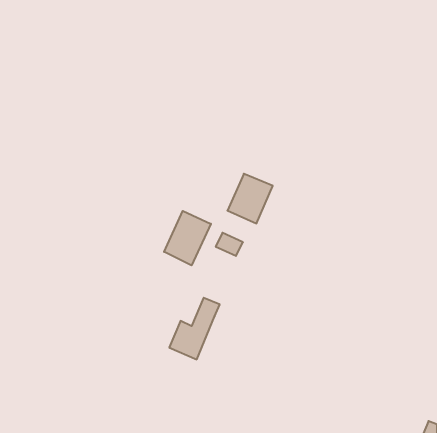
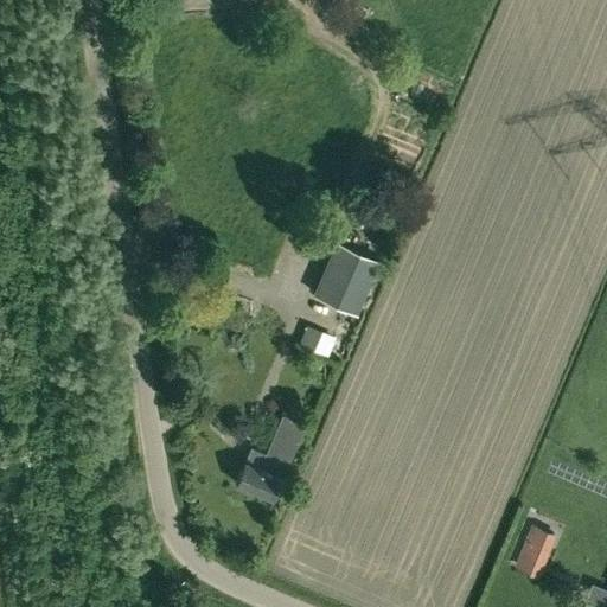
building: [164,211,211,265] -> none
building: none -> [520,531,554,577]

